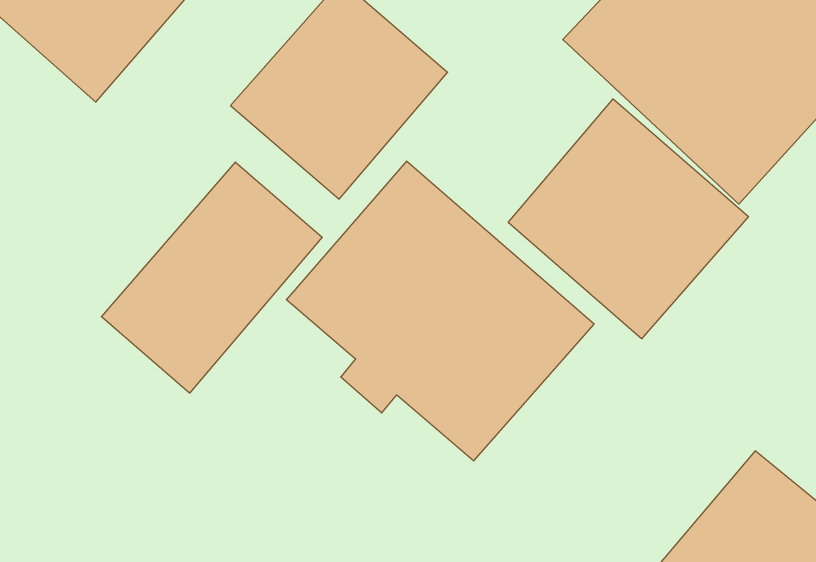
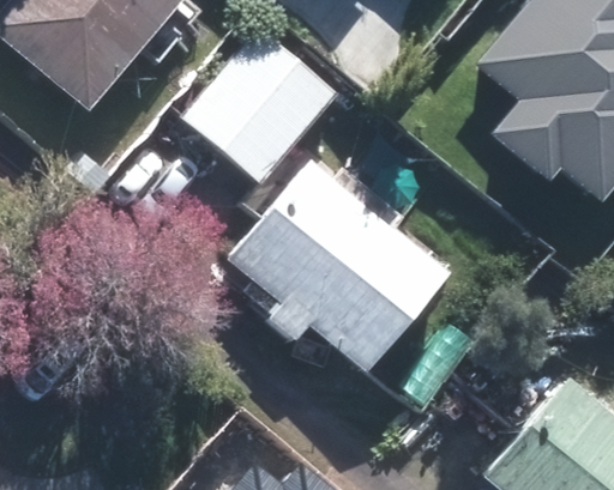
building: [508,99,749,339] -> none
building: [101,162,322,393] -> none

